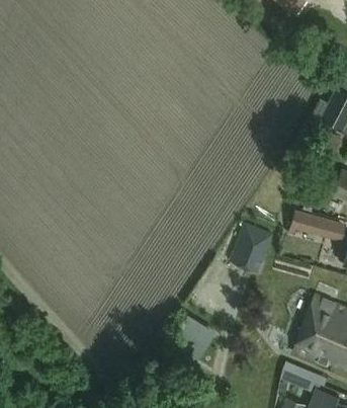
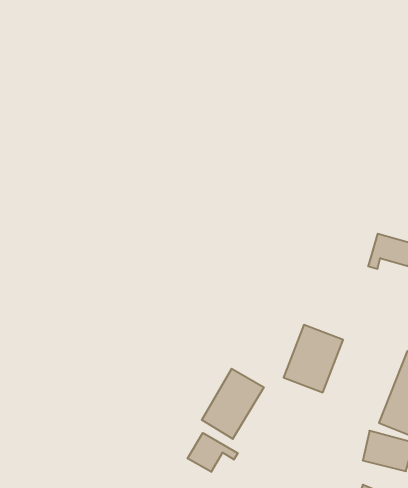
building: [227,227,271,277] -> [284,325,343,392]
building: none -> [188,433,238,472]

